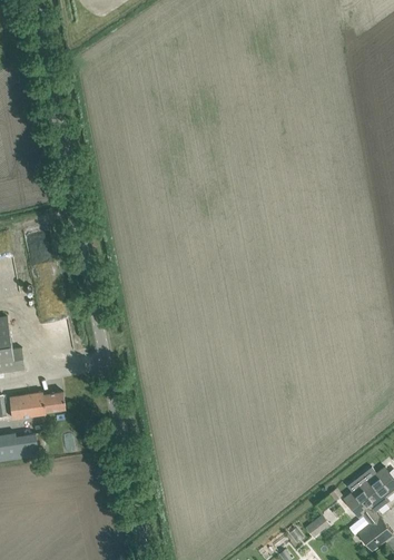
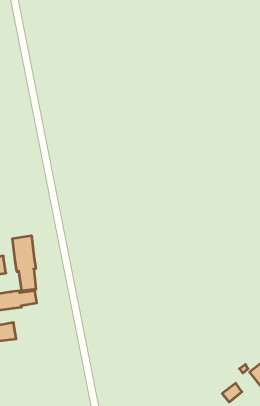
building: none -> [13,236,36,291]

